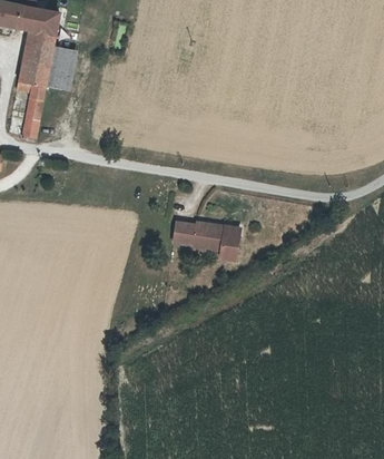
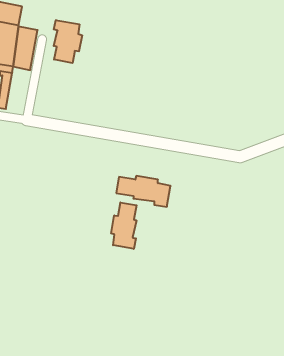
building: none -> [54,20,82,63]
building: none -> [111,202,137,249]

